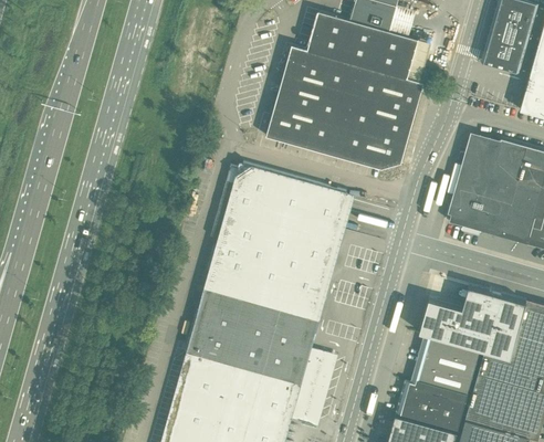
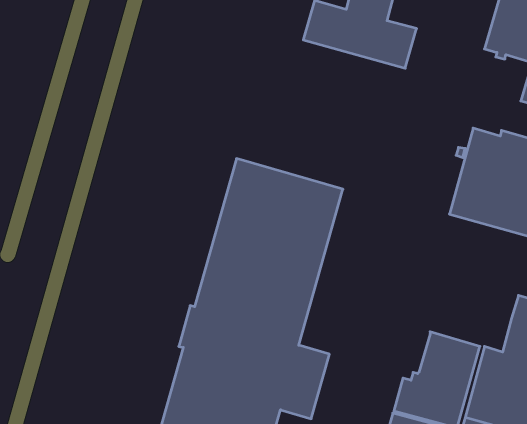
building: [268,46,425,169] -> none
building: [420,287,519,356] -> none

